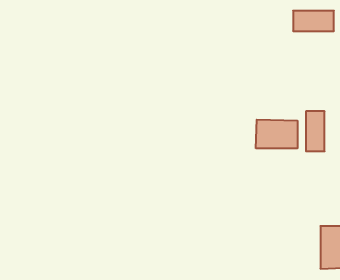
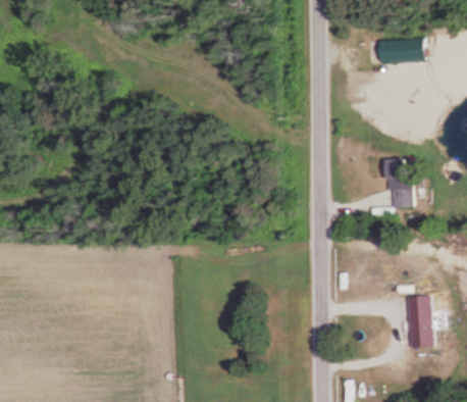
building: [256,120,297,148] -> none

